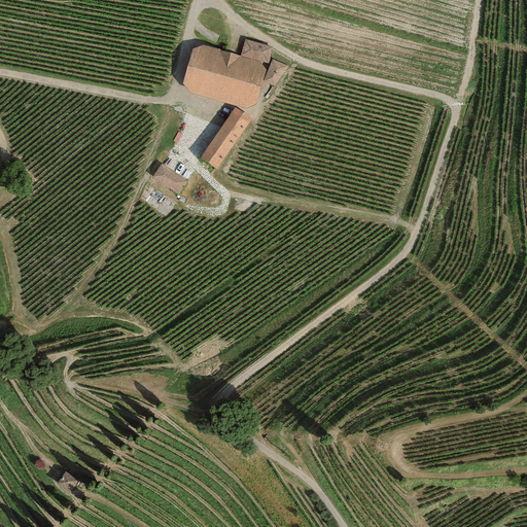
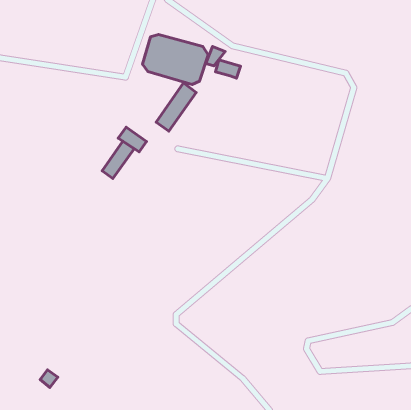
building: [241,39,273,63] -> [216,60,241,78]
building: none -> [102,141,134,178]

